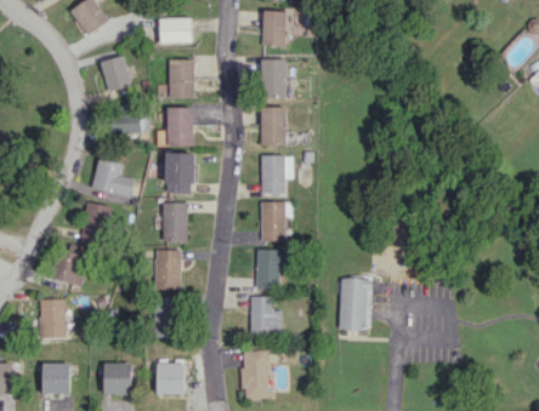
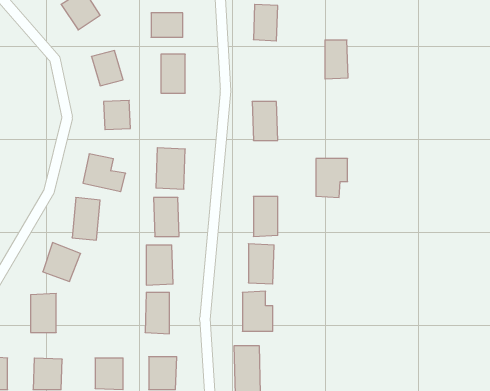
building: [262,59,285,98] -> [325,40,348,79]
building: [166,107,192,145] -> none
building: [261,155,293,194] -> [316,159,348,197]
building: [339,278,370,330] -> none

